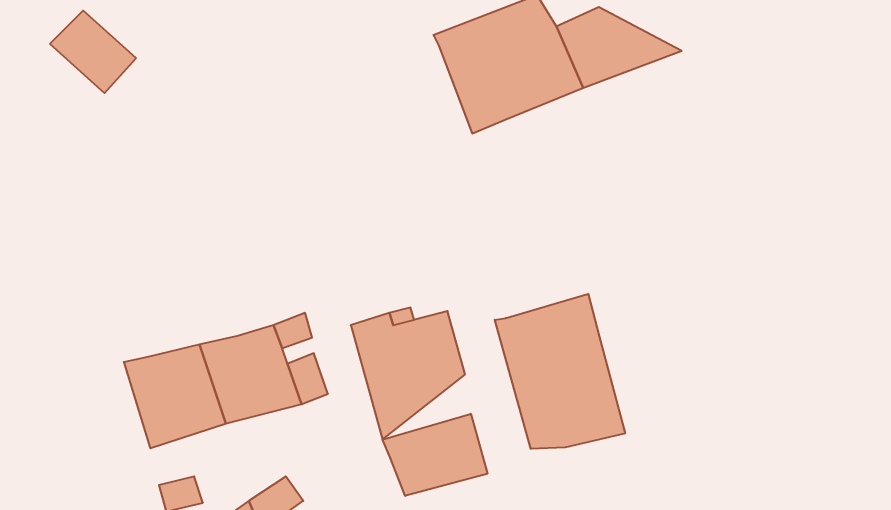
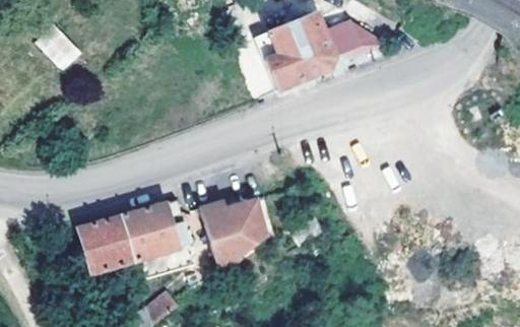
building: [495,294,625,449] -> none
building: [382,414,487,496] -> none

